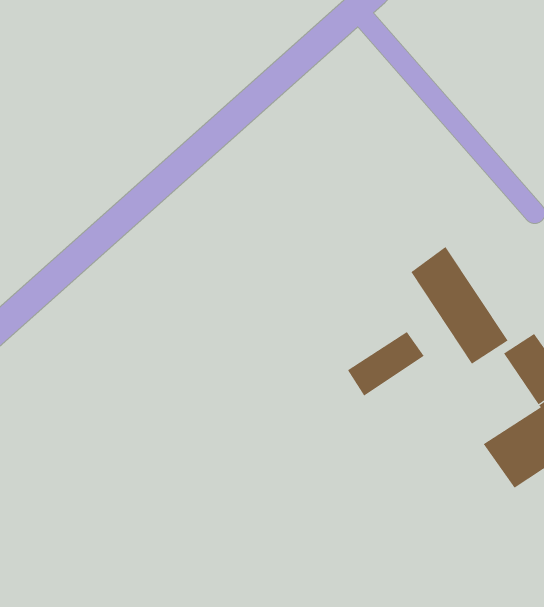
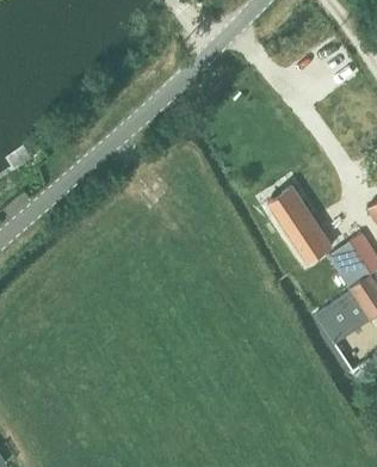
building: [347,331,425,396] -> none

